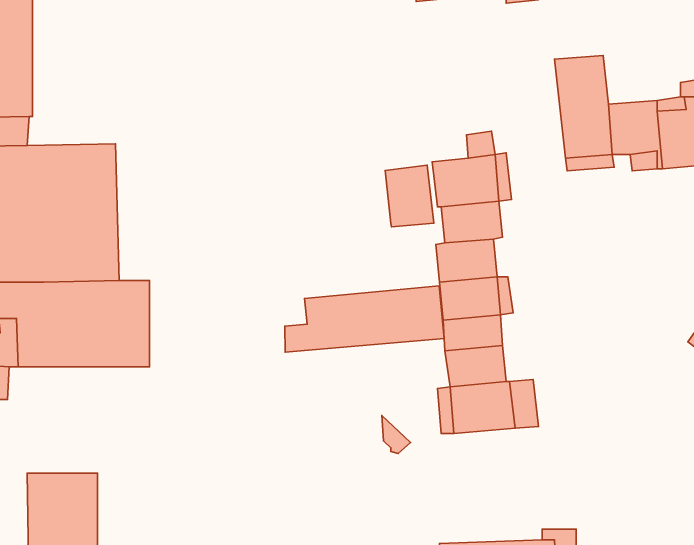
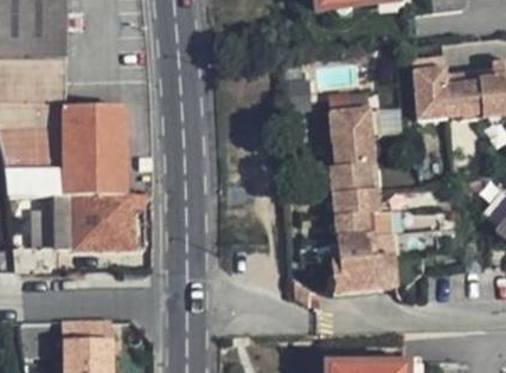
building: [385,165,434,227] -> none
building: [285,286,444,352] -> none

